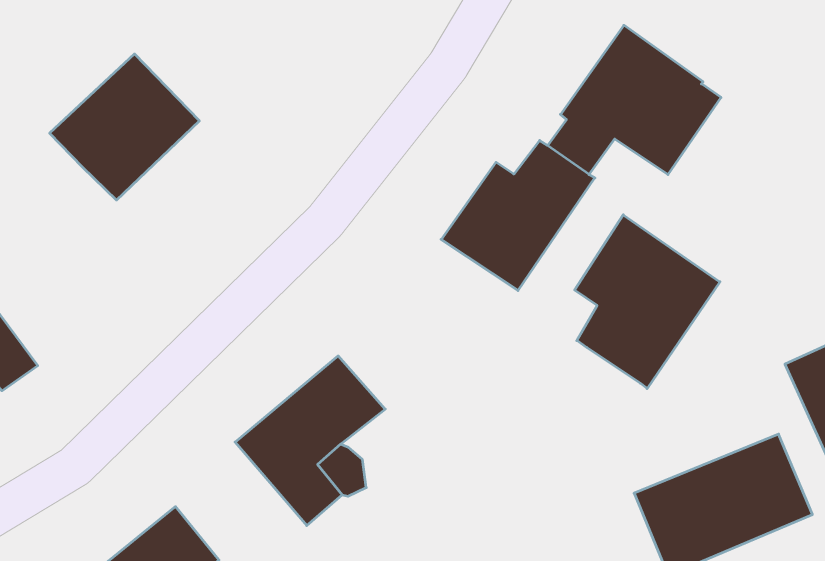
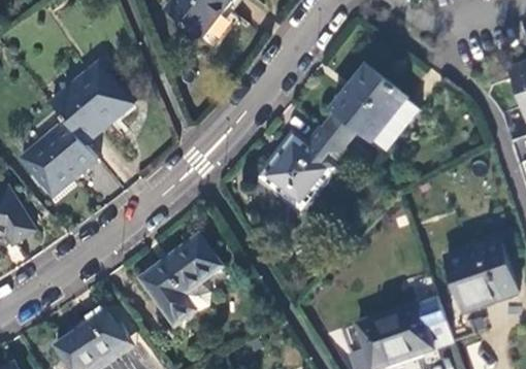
building: none -> [23,124,97,196]
building: [575,215,720,389] -> none

